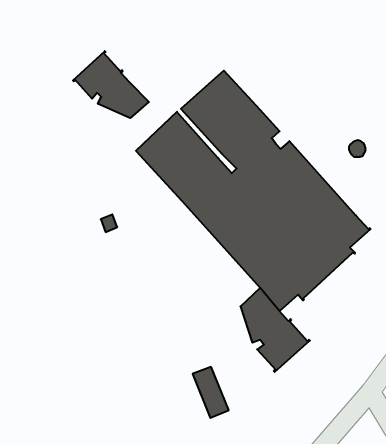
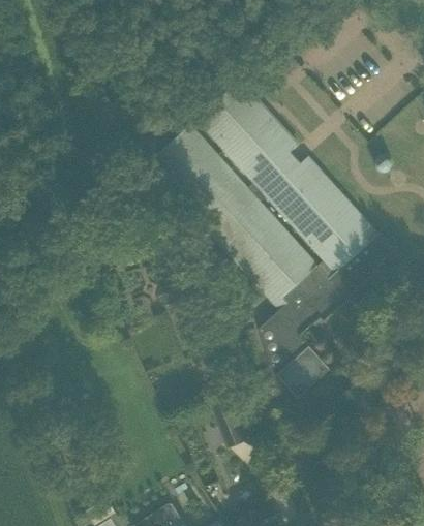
building: [73,51,149,118] -> none

